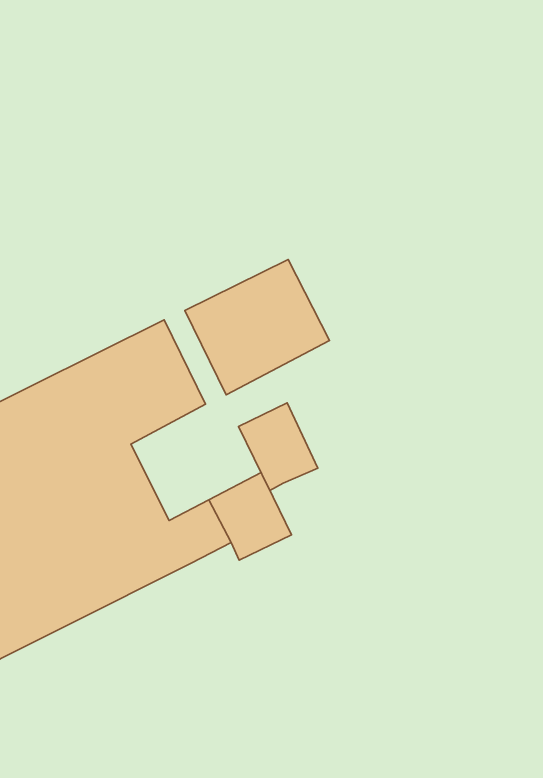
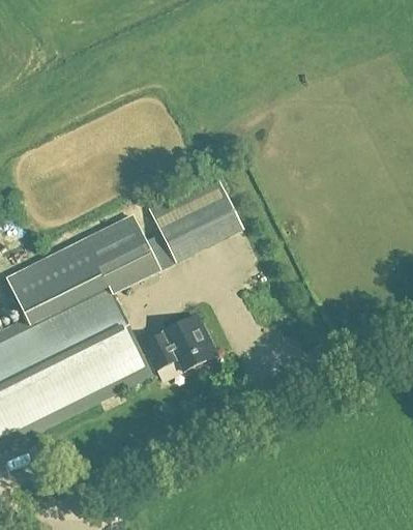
building: [239,403,318,490] -> none

